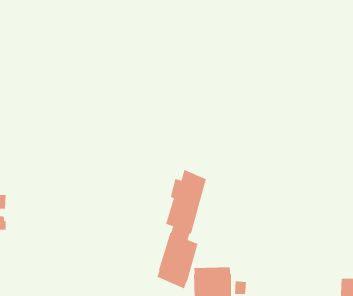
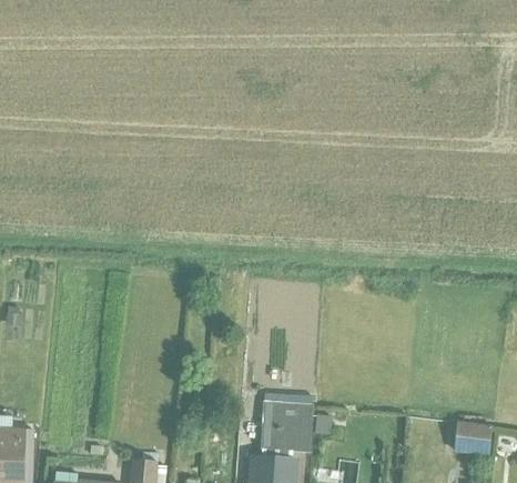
building: [157,169,207,290] -> none

